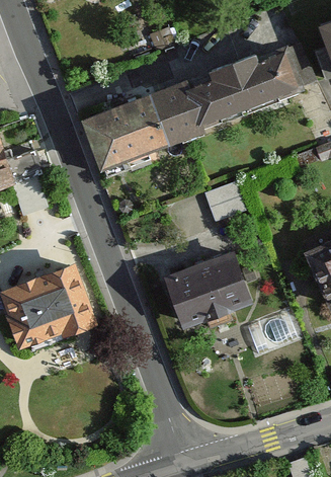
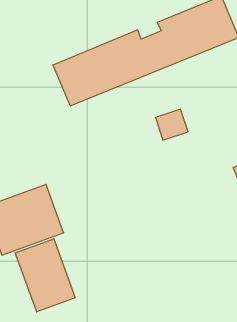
building: [163,253,247,327] -> none
building: none -> [15,239,75,312]

